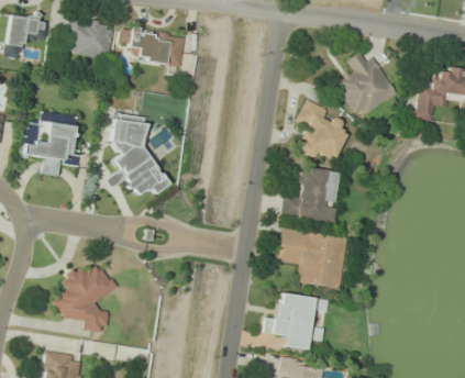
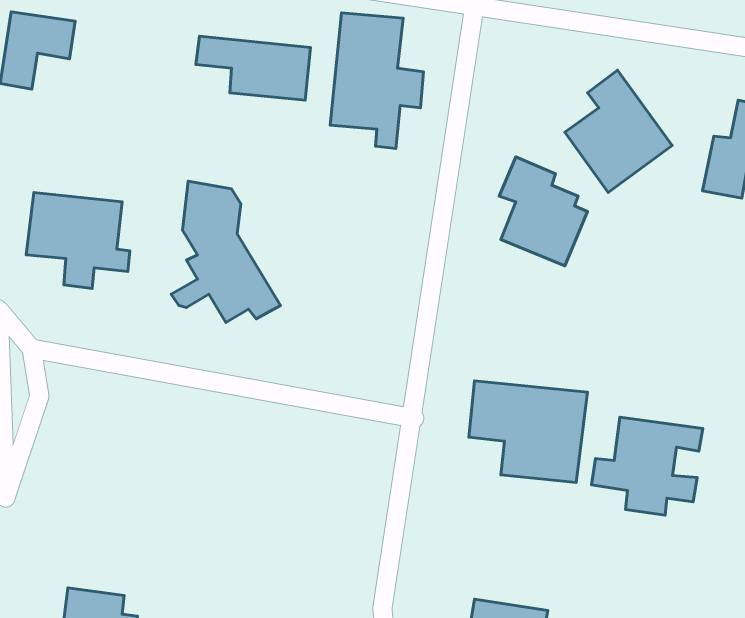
building: none -> [330,13,423,149]
building: [65,16,114,58] -> none
building: [283,167,337,221] -> none
building: [59,266,115,332] -> none
building: [264,292,329,349] -> [592,417,703,515]

